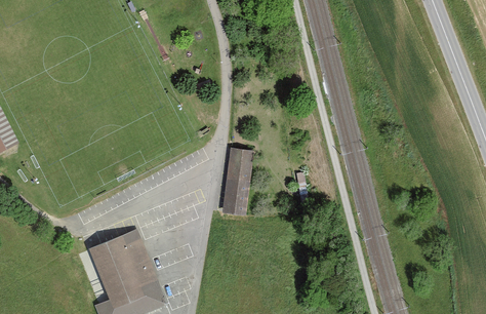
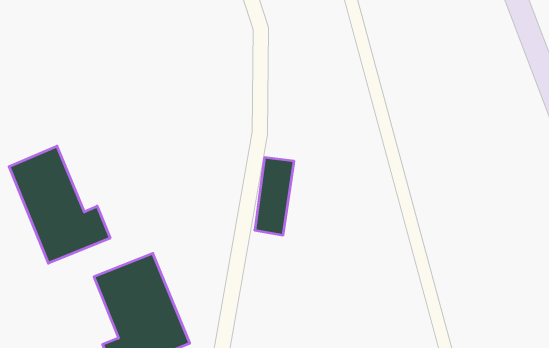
building: none -> [9,146,110,263]

